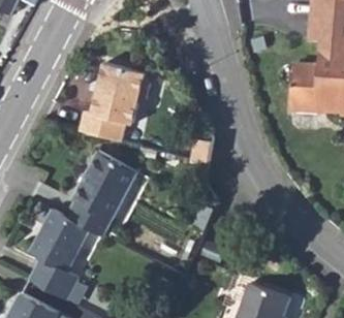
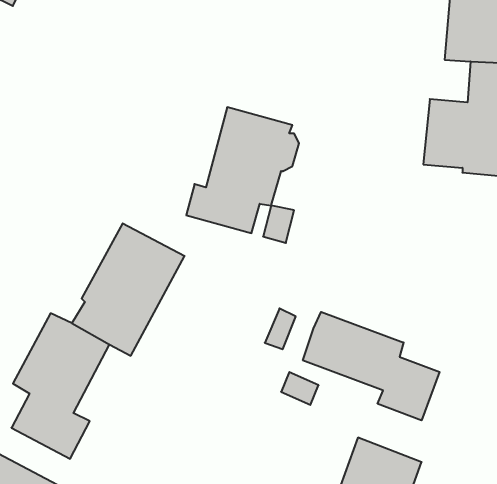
building: [81,58,152,137] -> [186,107,299,233]
building: none -> [303,312,440,420]

